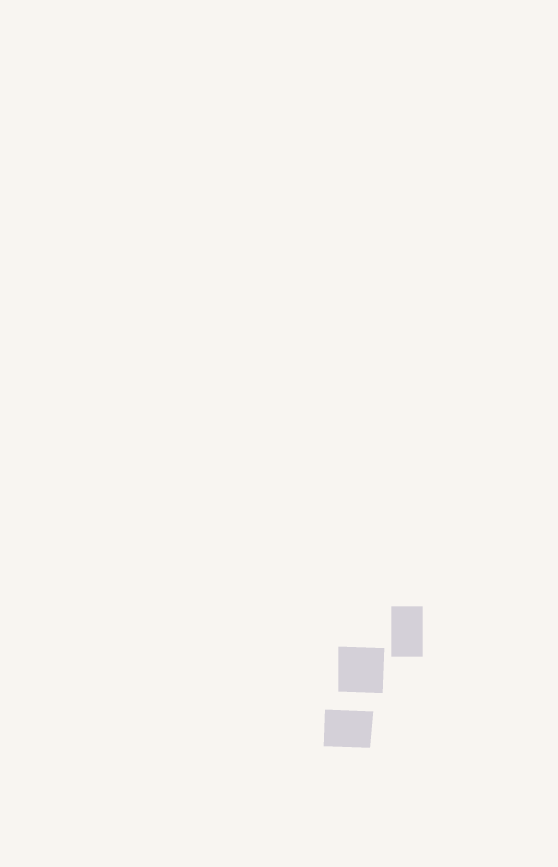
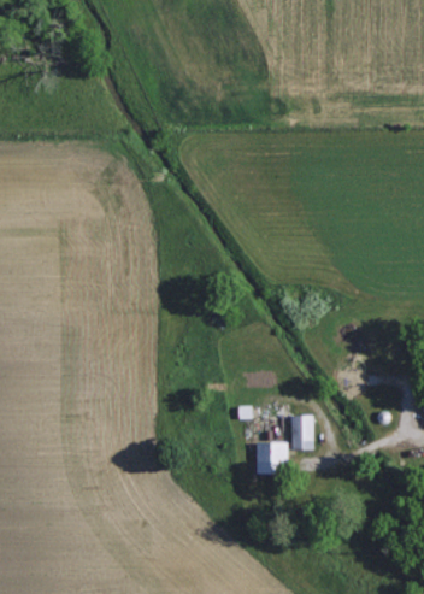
building: [323,709,374,749] -> none

